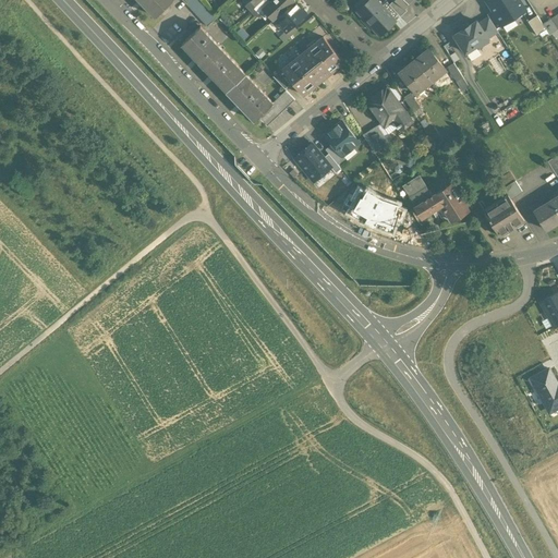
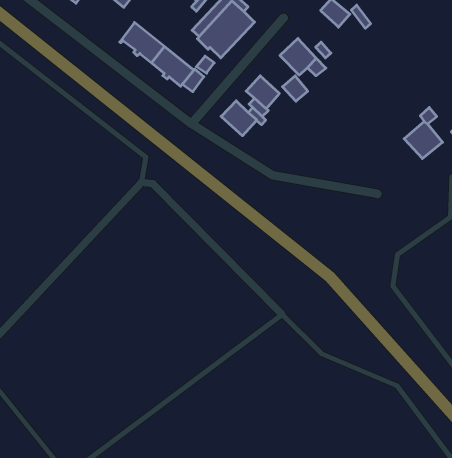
building: [183,28,216,63] -> none
building: [400,61,429,94] -> none
building: [404,177,466,219] -> none
building: [344,189,403,232] -> none

